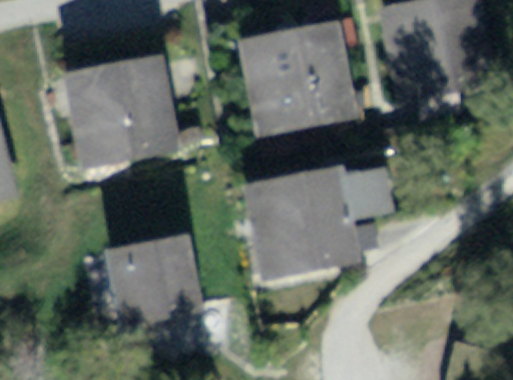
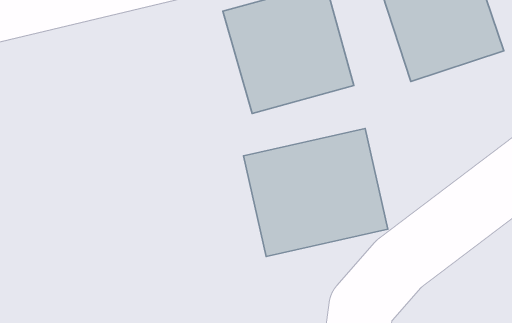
building: [57,35,178,167] -> none
building: [94,217,185,310] -> none

